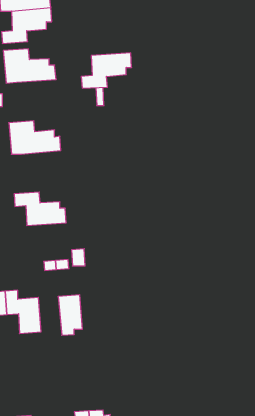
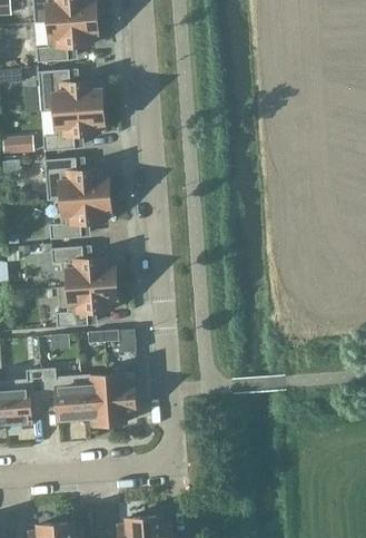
building: [81,53,132,88] -> [41,107,103,150]
building: none -> [48,195,110,239]
building: none -> [55,284,117,327]
building: none -> [80,375,109,425]

